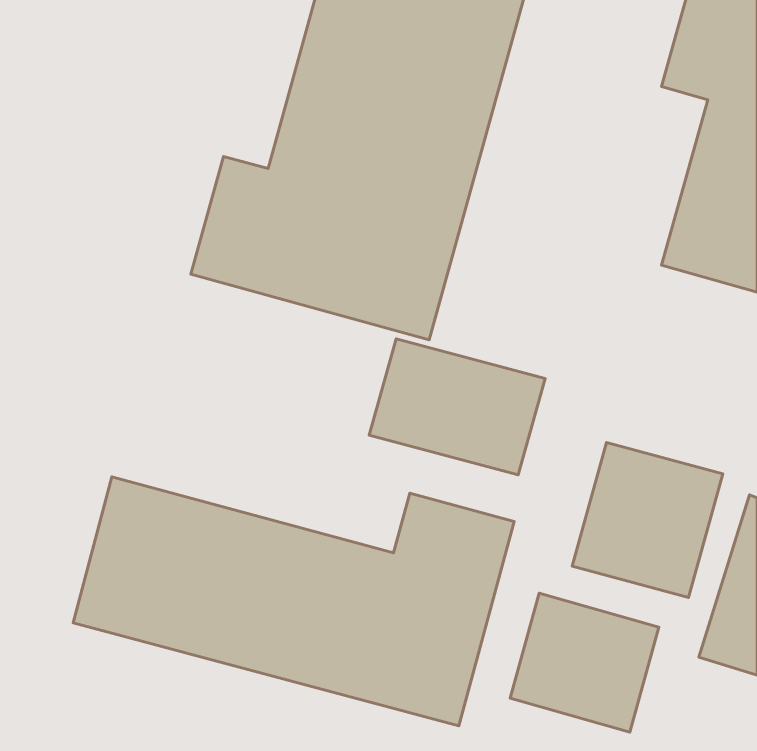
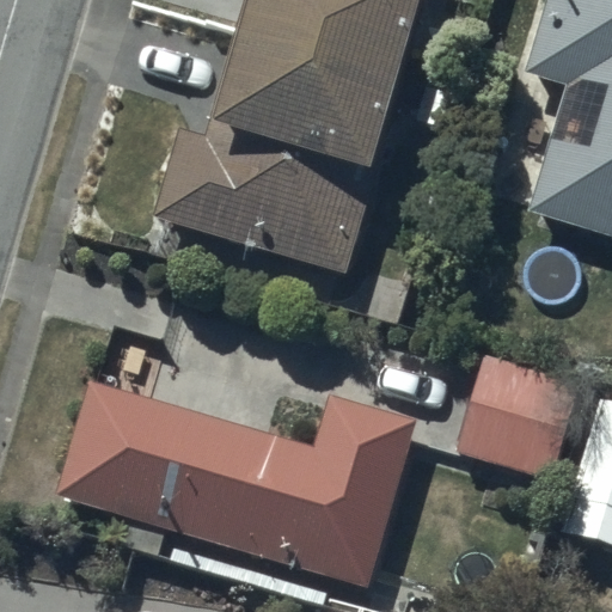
building: [369,339,545,475] -> none
building: [510,593,659,732] -> none

